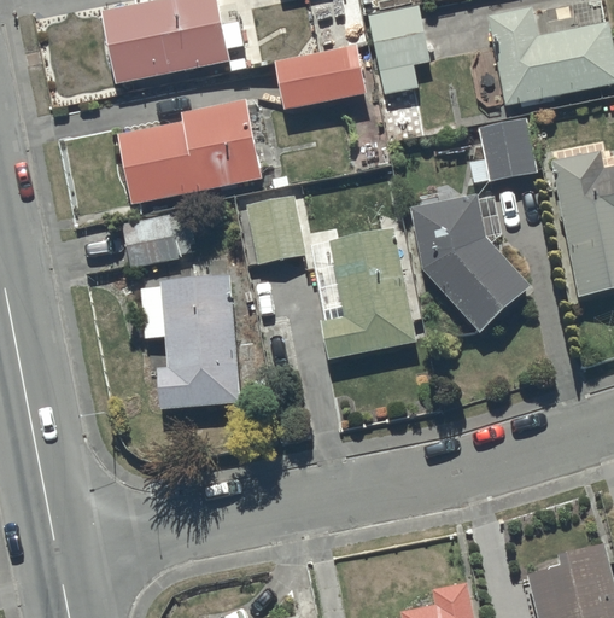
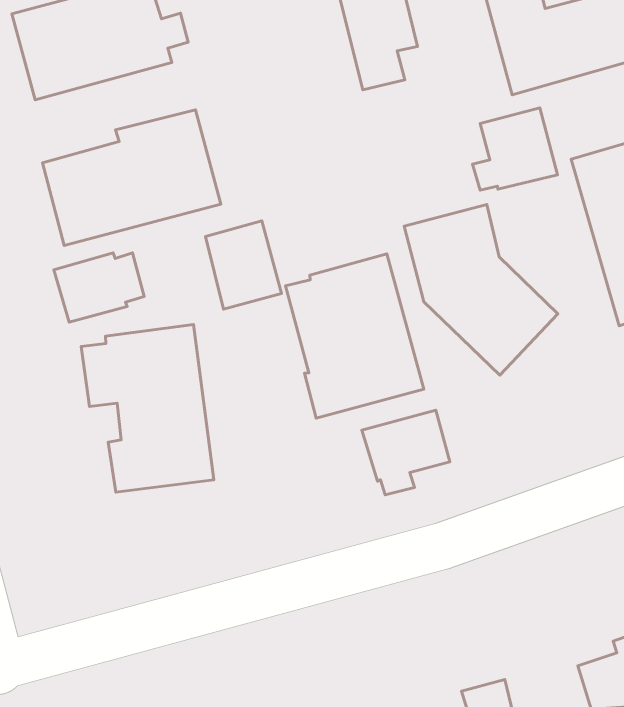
building: [275,46,368,111] -> none
building: none -> [362,410,450,495]

